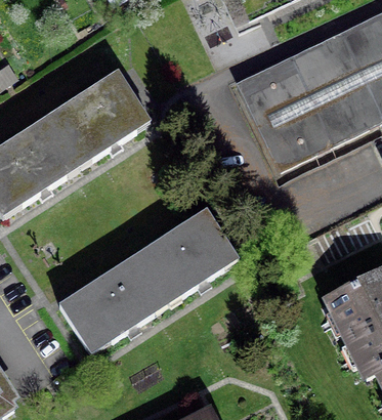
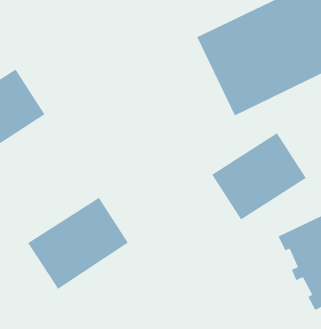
building: [47,70,151,165] -> none
building: [136,208,239,302] -> [211,132,307,220]

